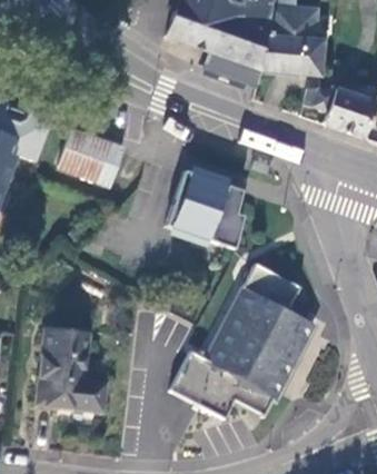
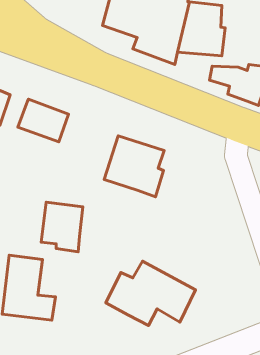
building: none -> [41,202,83,252]
building: [217,264,311,373] -> none

